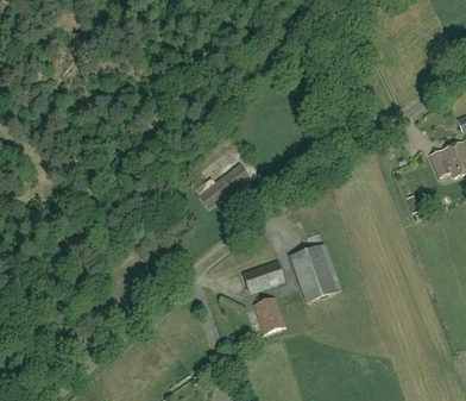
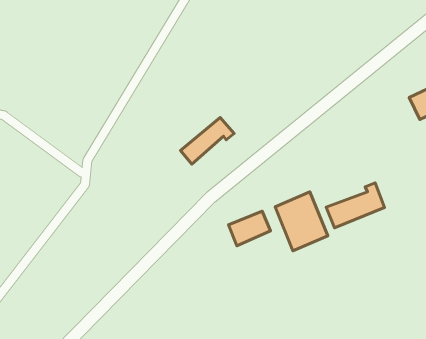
building: none -> [326,183,385,228]
building: [253,297,284,334] -> none

